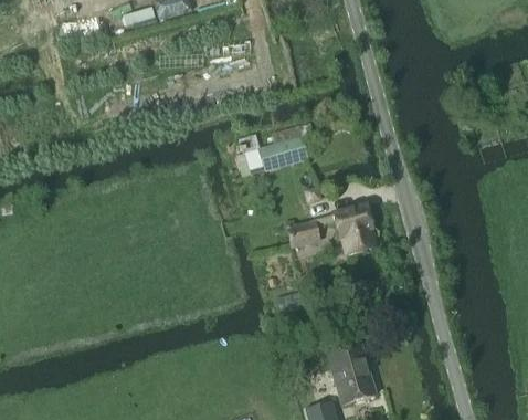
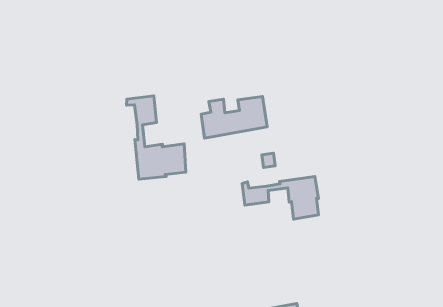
building: none -> [127,96,186,179]

